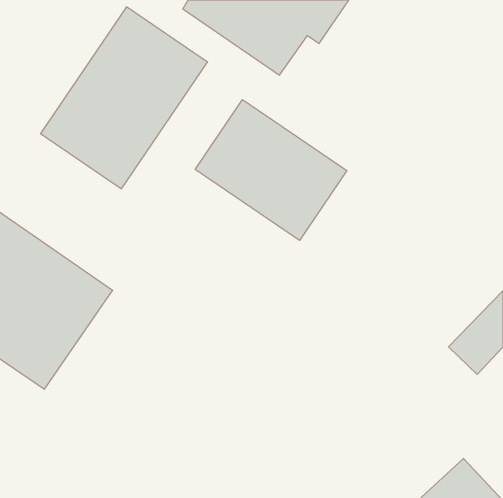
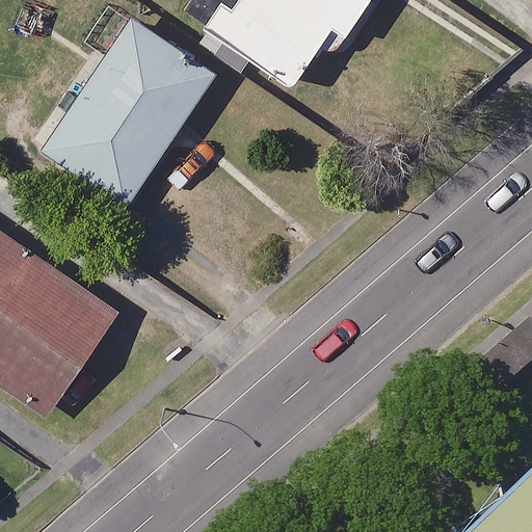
building: [195,100,347,240] -> none

